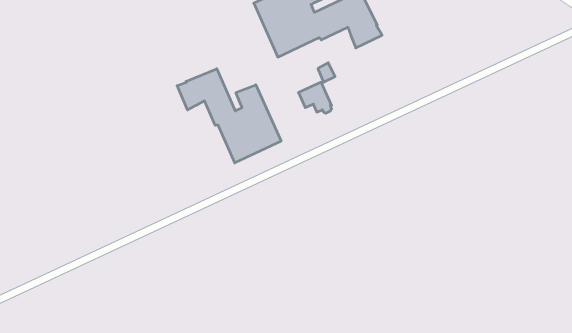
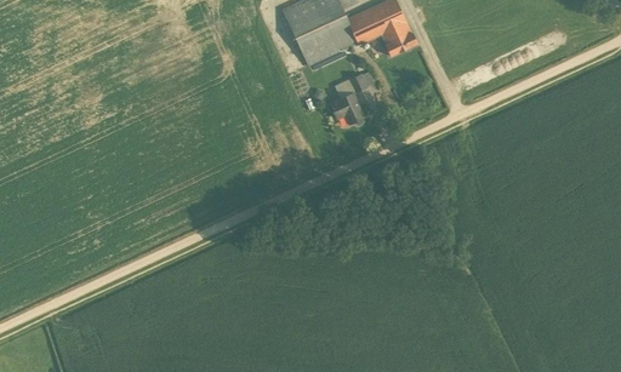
building: [177,69,281,163] -> none

